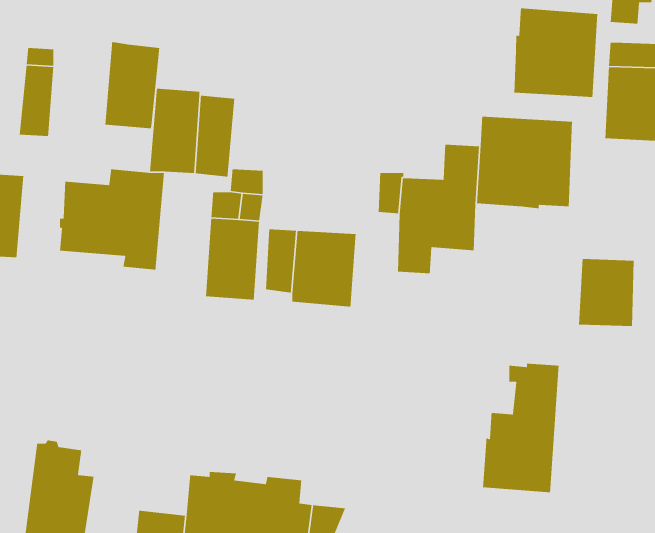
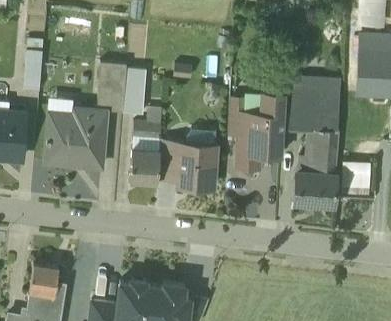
building: [513,8,598,98] -> none
building: [104,41,160,129] -> none
building: [482,363,560,493] -> [294,129,338,203]

